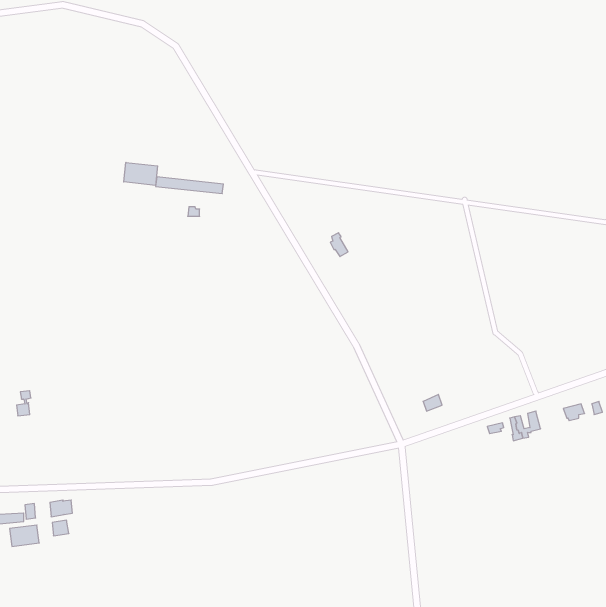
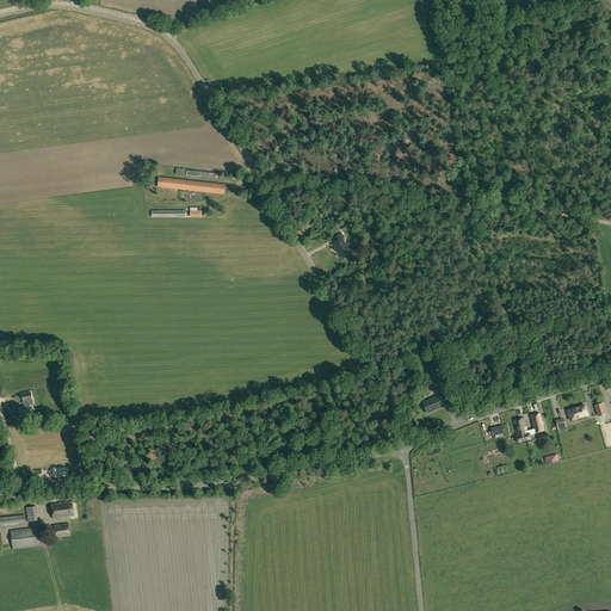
building: [124,162,158,185] -> none

